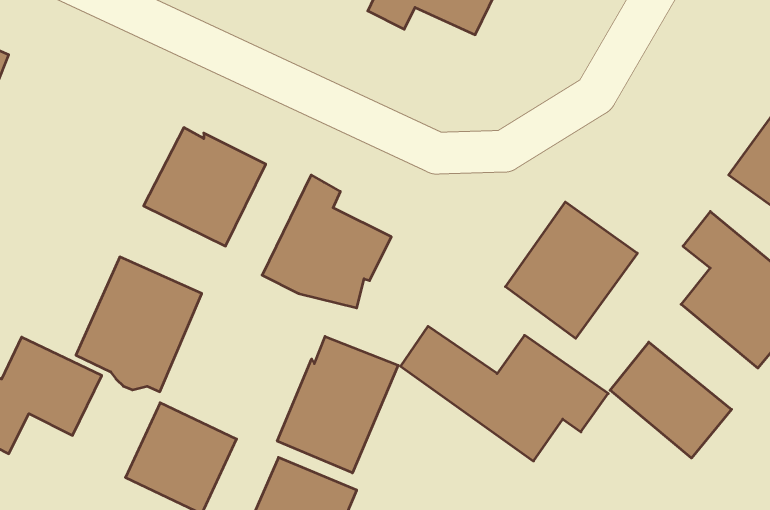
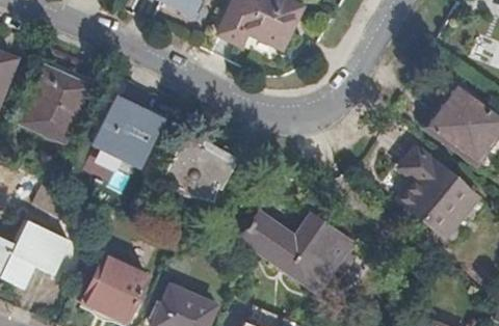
building: [505,202,637,338] -> none
building: [76,257,202,392] -> [22,65,94,142]
building: [277,336,398,473] -> none
building: [610,342,732,458] -> none

